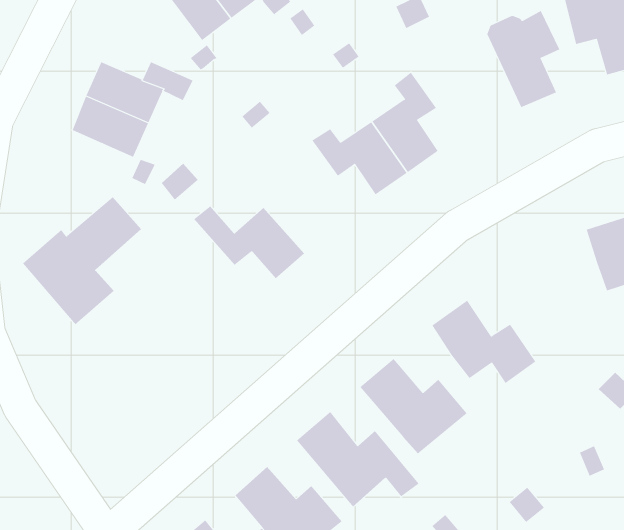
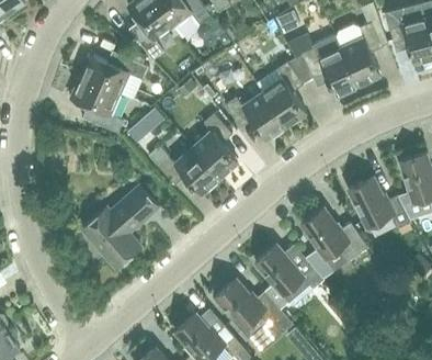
building: none -> [300,35,357,94]
building: none -> [193,113,238,177]
building: [22,197,142,325] -> [81,185,158,268]
building: none -> [348,176,411,228]

